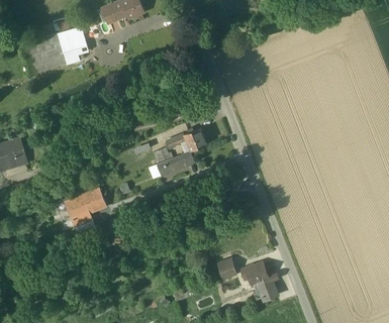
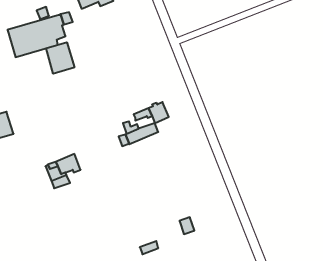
building: none -> [46,42,74,74]
building: [240,262,277,301] -> none

